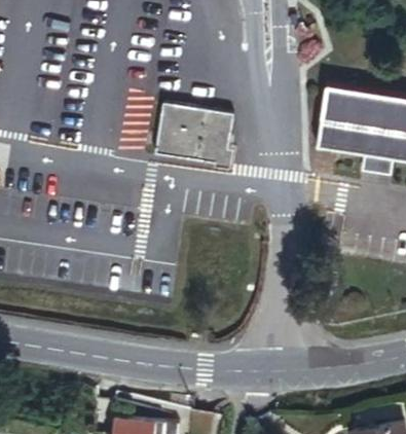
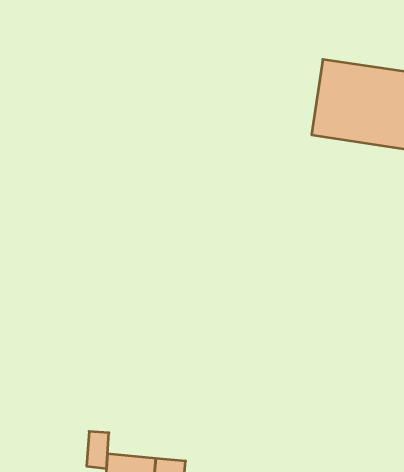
building: [157,106,231,161] -> none

